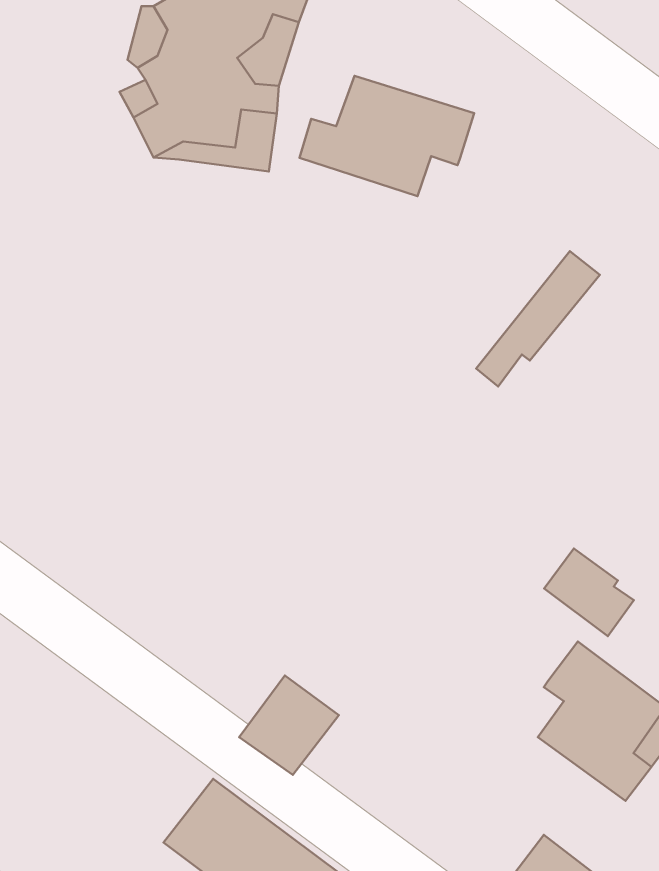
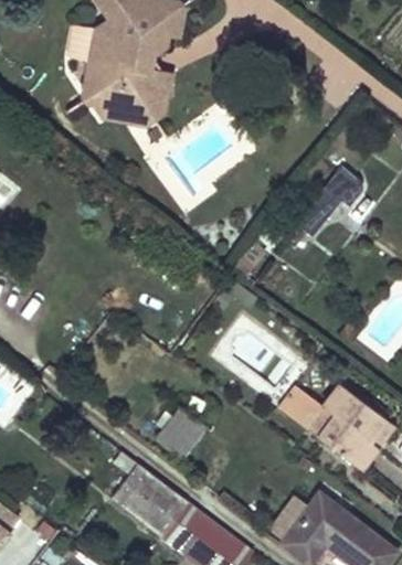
building: [300,76,474,196] -> none
building: [544,549,634,636] -> [281,390,330,438]

